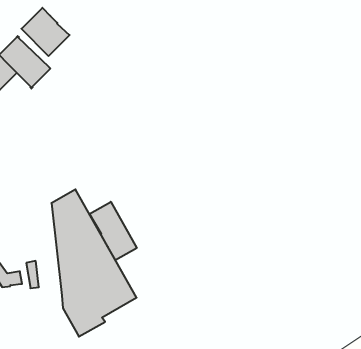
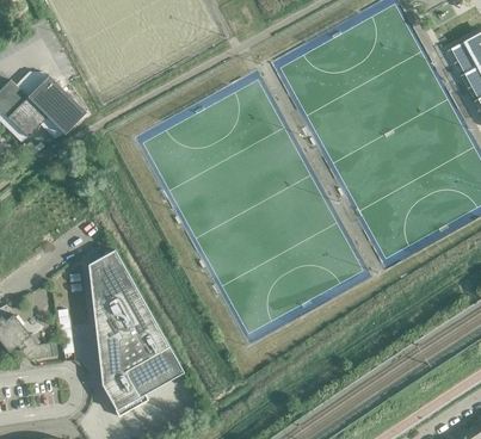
building: [21,8,70,56] -> none
building: [89,202,137,260] -> none

